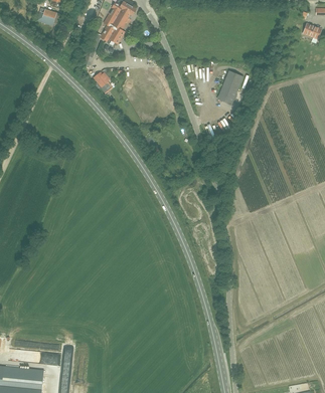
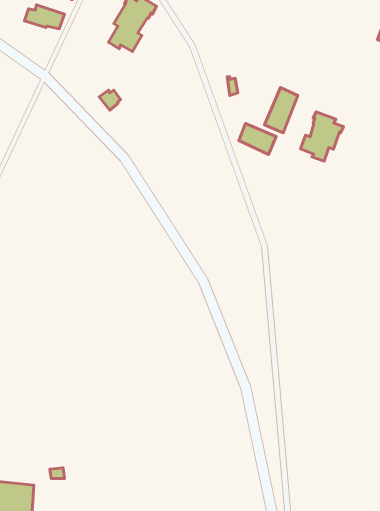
building: none -> [300,112,343,161]
building: none -> [239,123,276,154]

